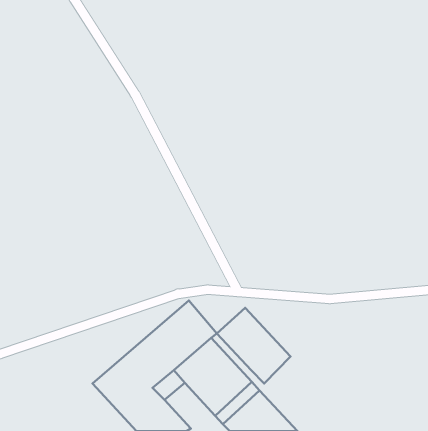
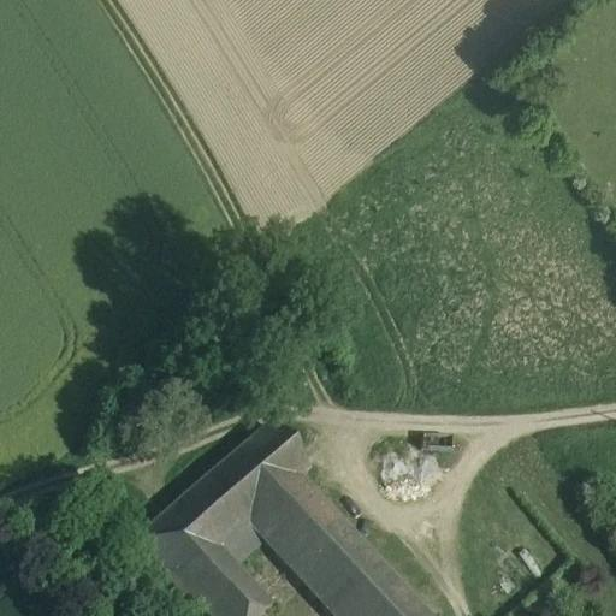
building: [217,308,291,384] -> none

